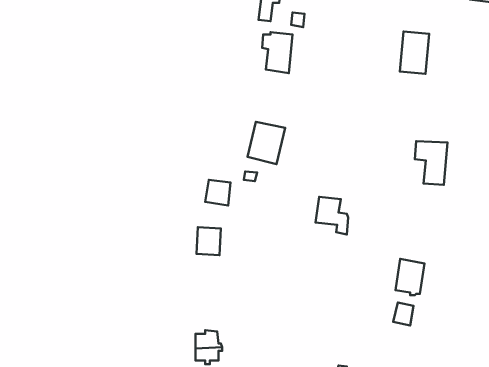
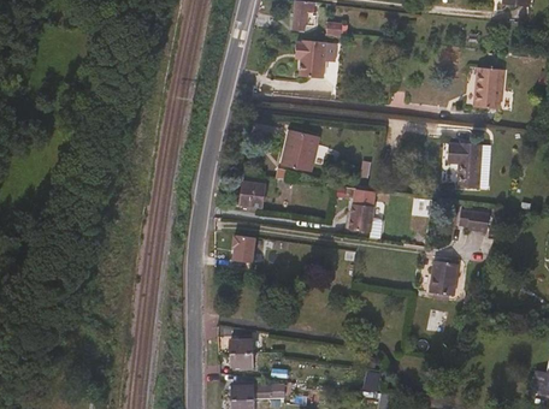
building: [400,31,429,74] -> [473,69,502,111]
building: none -> [459,212,491,235]

